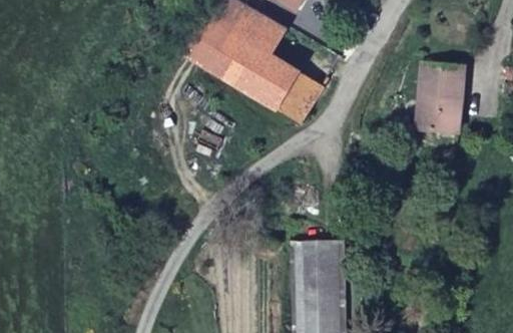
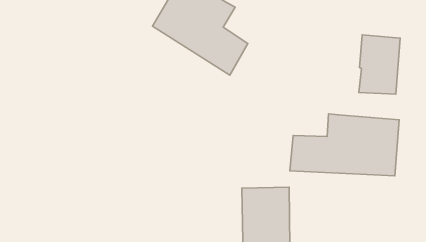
building: [275,71,322,124] -> none
building: none -> [290,114,399,176]

